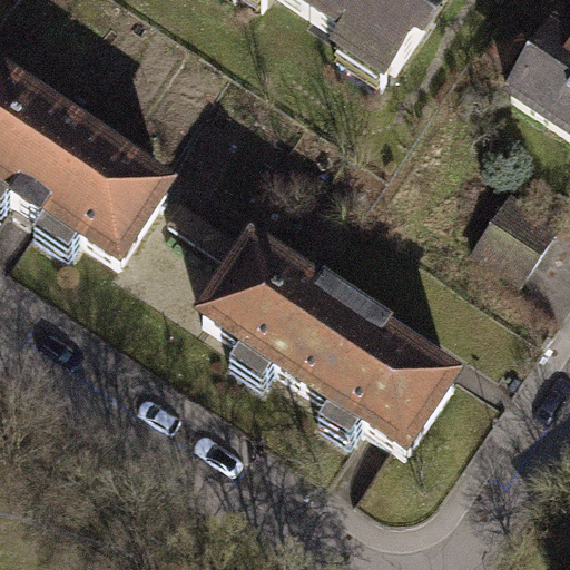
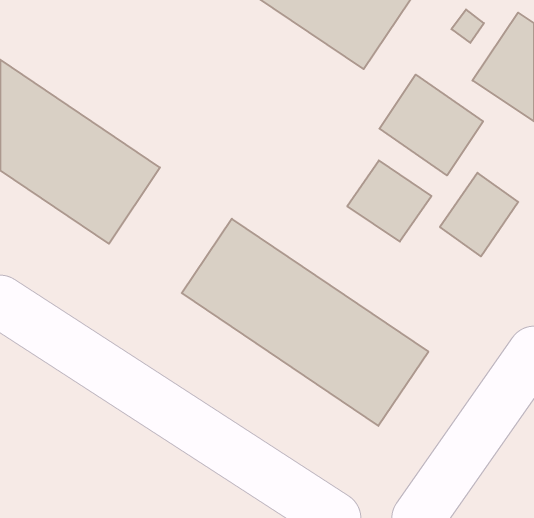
building: none -> [379,75,483,175]
building: none -> [347,160,431,242]

